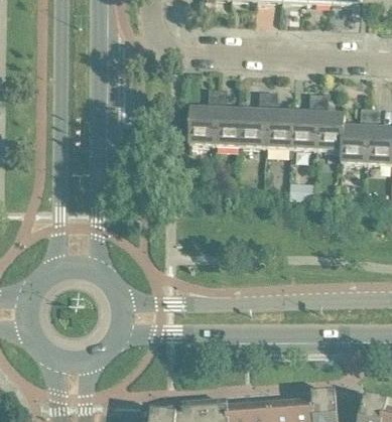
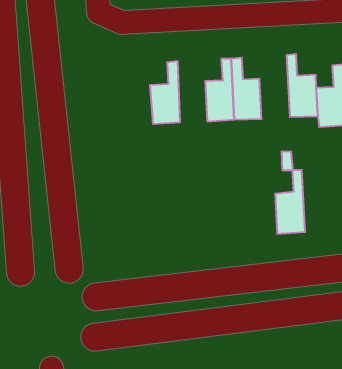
building: [216,88,243,146] -> none
building: [291,92,320,150] -> [275,170,305,234]

